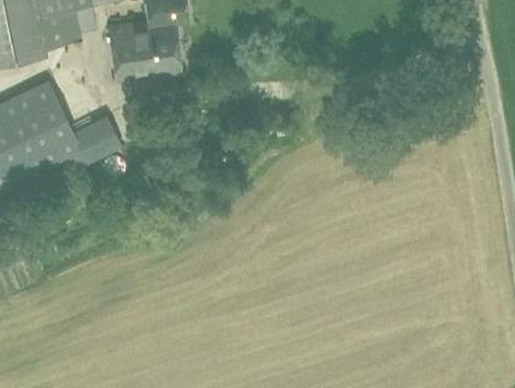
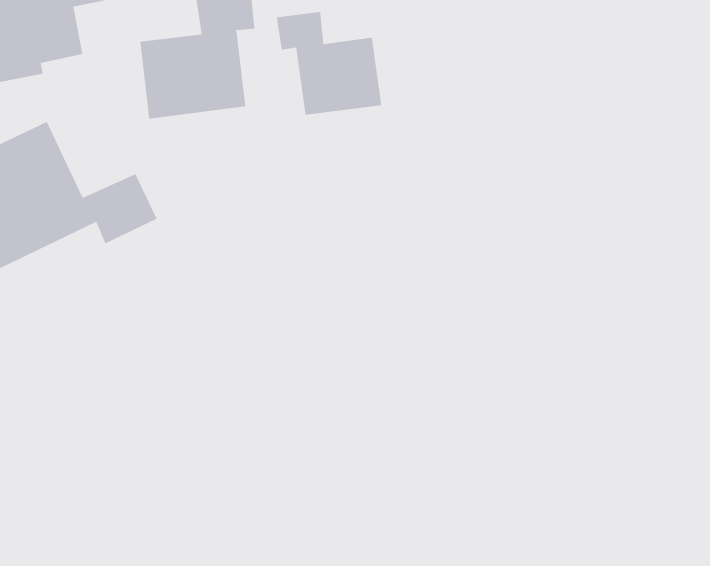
building: none -> [276,11,382,116]

